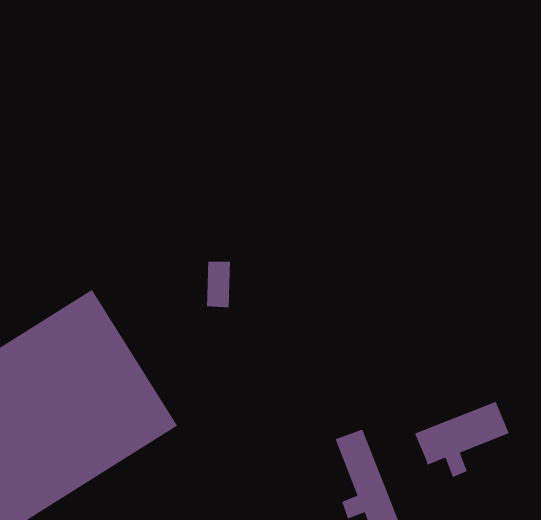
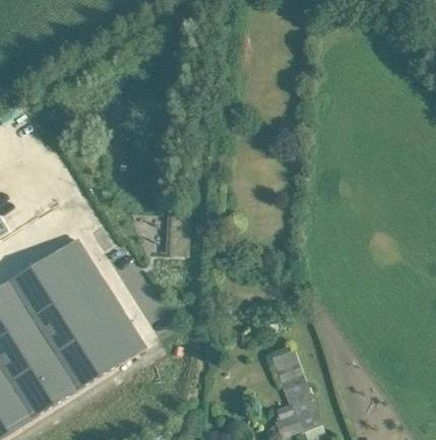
building: [414,401,510,478] -> none

